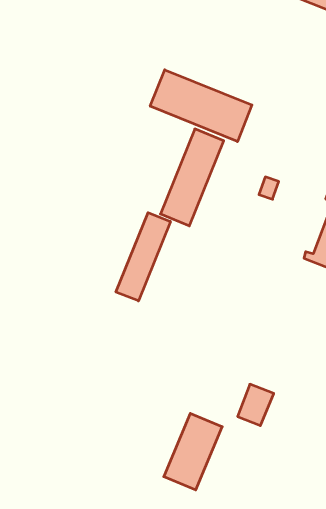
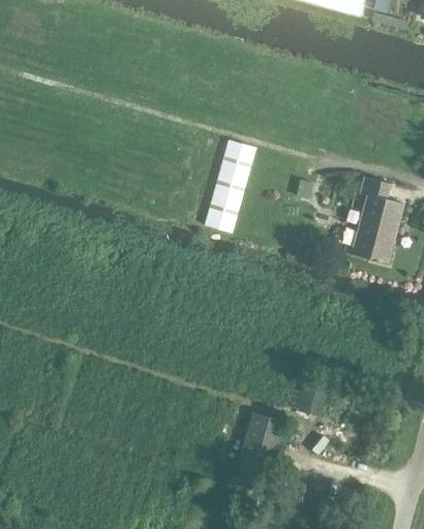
building: [150,70,252,142] -> none
building: [116,213,170,301] -> none

